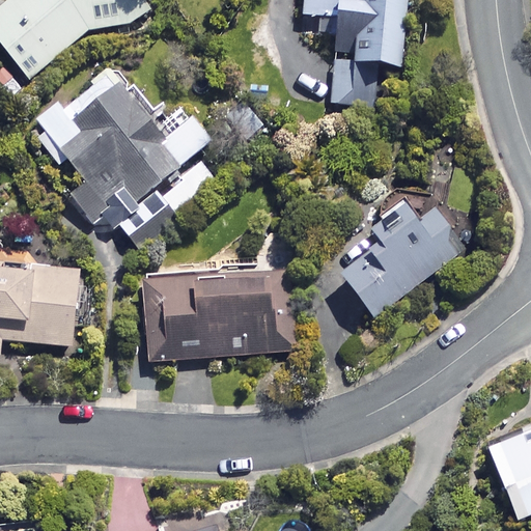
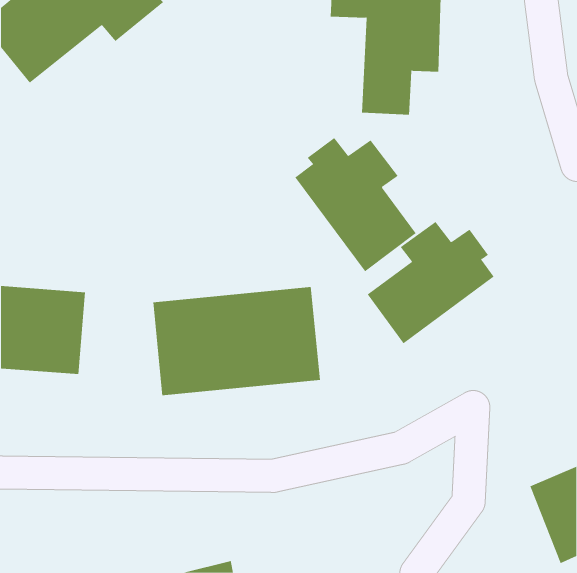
building: [35,76,220,235] -> none
building: none -> [295,137,417,272]

